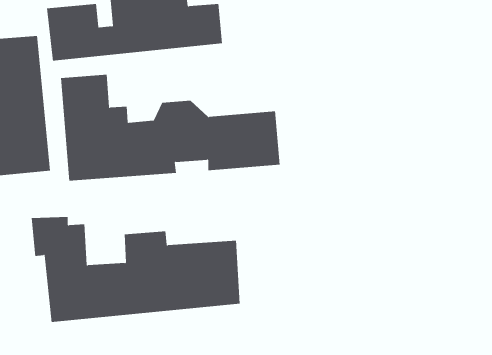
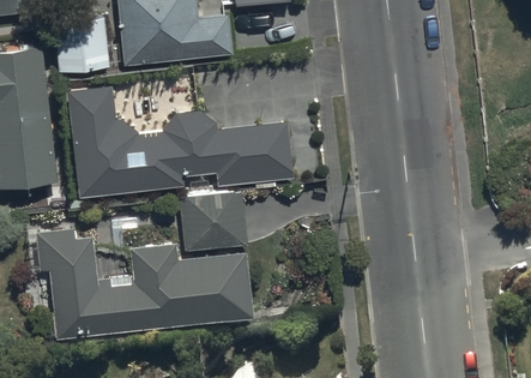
building: none -> [179,191,248,253]

